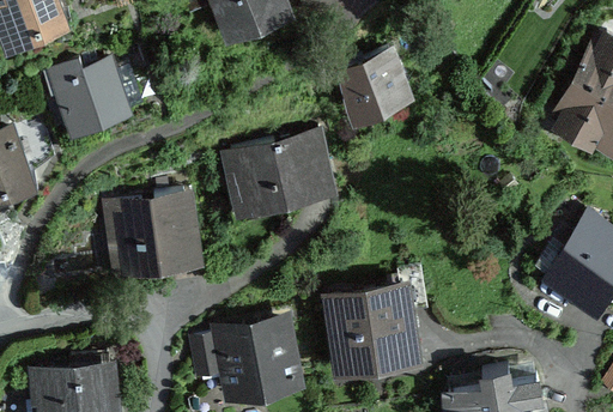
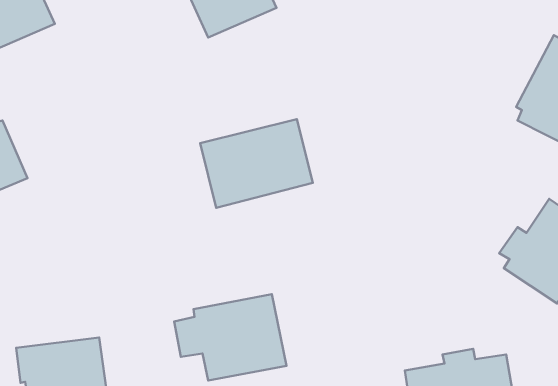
building: [336,44,412,117] -> none
building: [44,61,133,140] -> none
building: [105,190,212,280] -> none
building: [322,284,425,382] -> none

